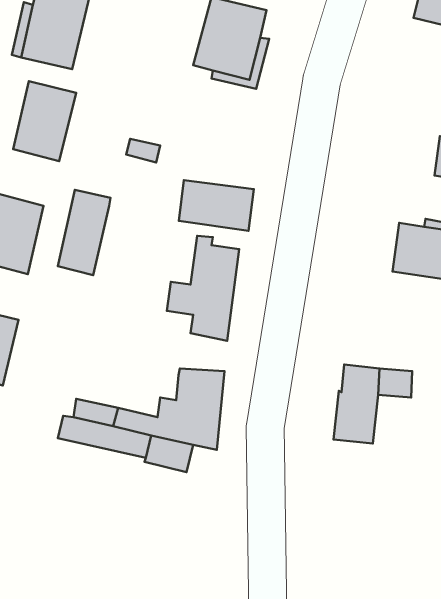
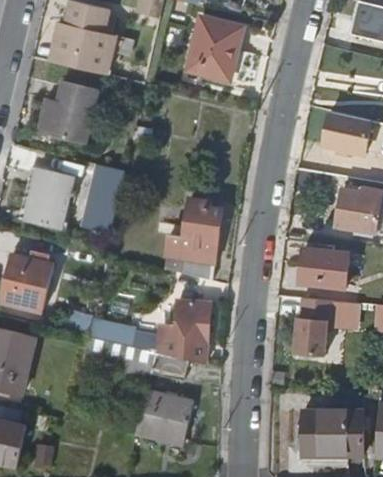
building: none -> [321,111,370,154]
building: [179,180,254,231] -> none
building: none -> [300,249,351,291]
building: none -> [135,389,194,443]
building: none -> [301,412,361,456]

